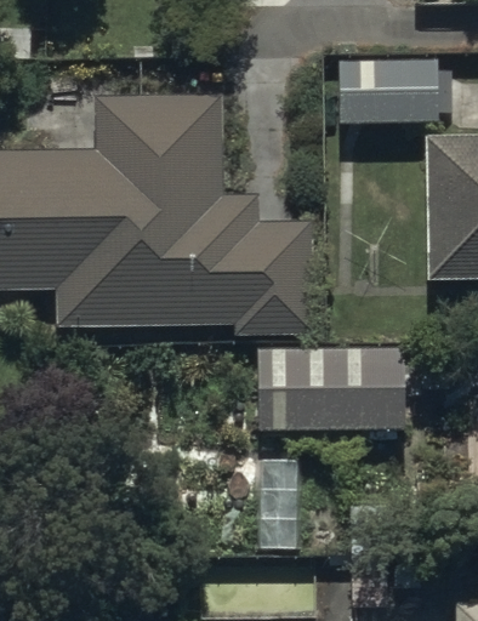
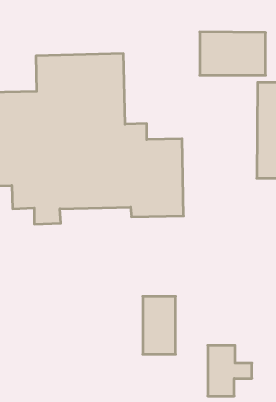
building: [258,346,406,429] -> none

